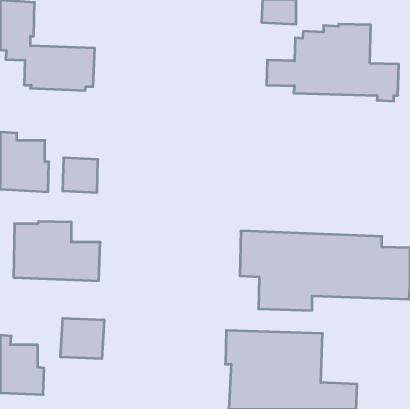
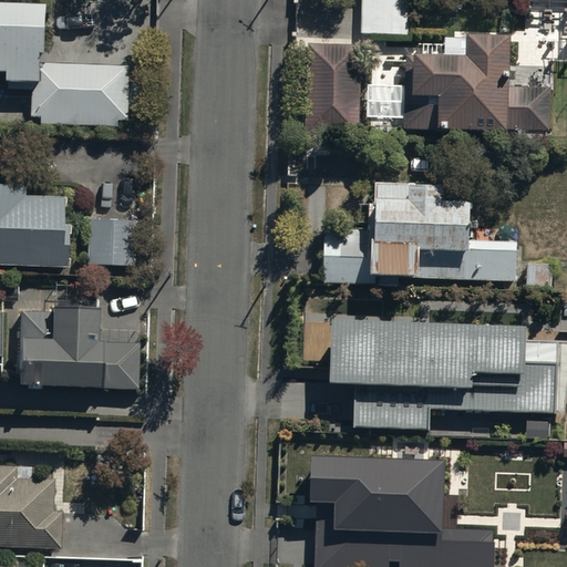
building: none -> [305,42,363,132]
building: none -> [322,183,518,285]
building: [60,318,104,359] -> none

